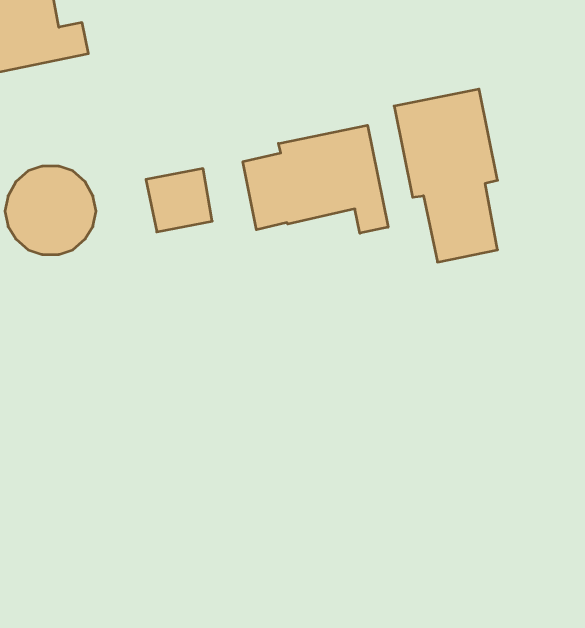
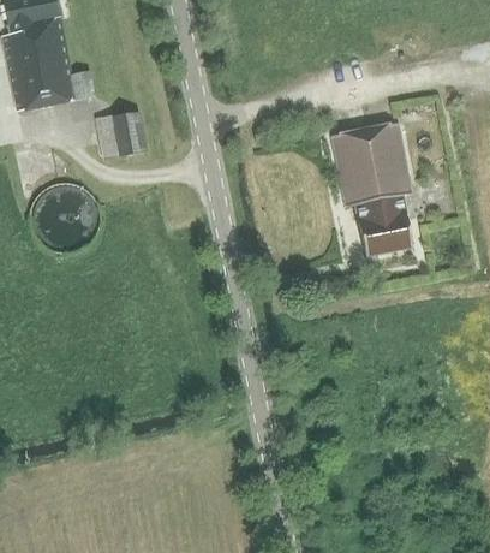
building: [243,125,388,233] -> none
building: [146,169,212,232] -> [95,108,147,157]

